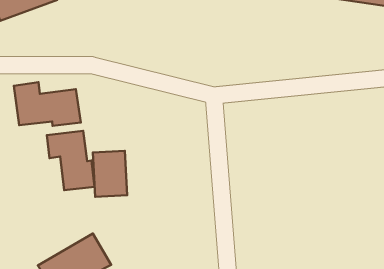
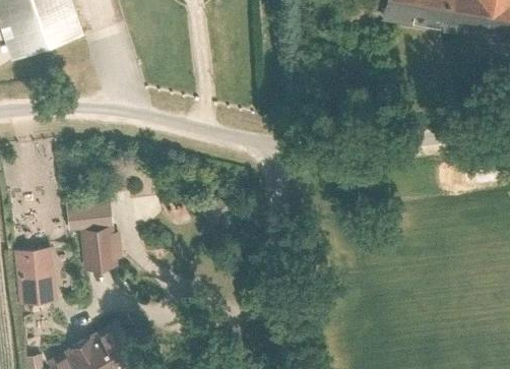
building: [14,82,81,126] -> none
building: [93,151,127,197] -> [15,245,58,302]

